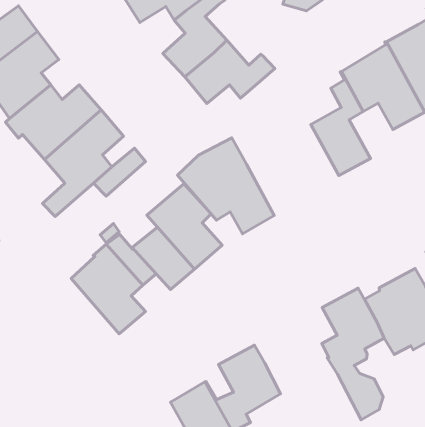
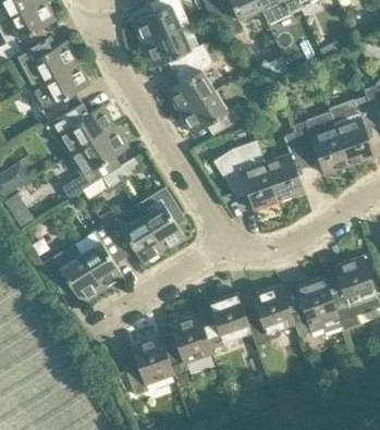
building: [178,138,274,234] -> [213,140,279,211]
building: none -> [41,245,101,304]
building: none -> [204,294,250,353]

